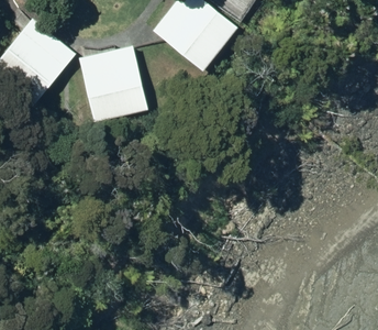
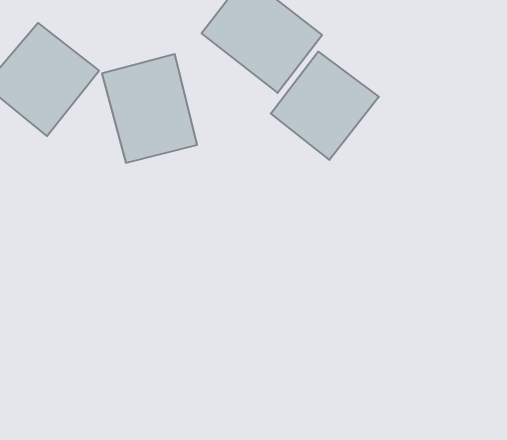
building: none -> [271,52,379,160]

